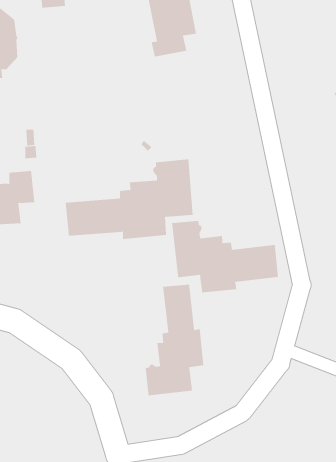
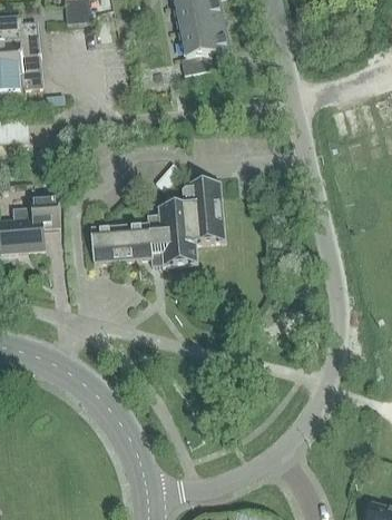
building: [172,220,278,293] -> none
building: [145,284,204,396] -> none

